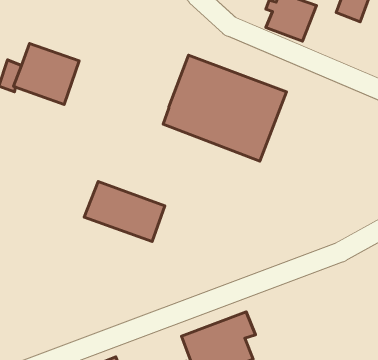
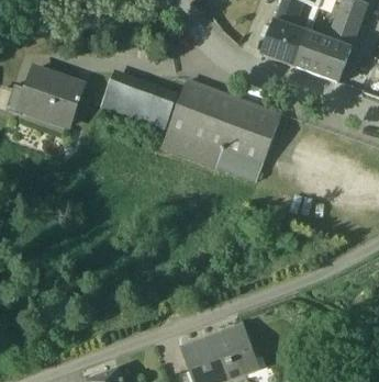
building: none -> [296,33,350,82]
building: [84,182,165,241] -> [100,72,177,130]

